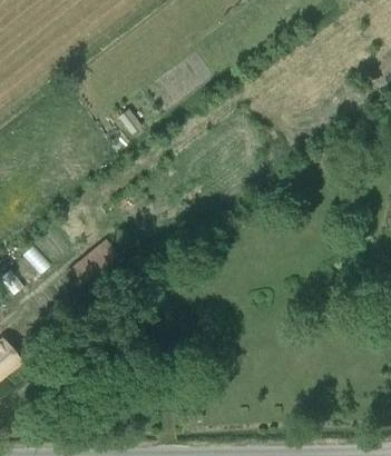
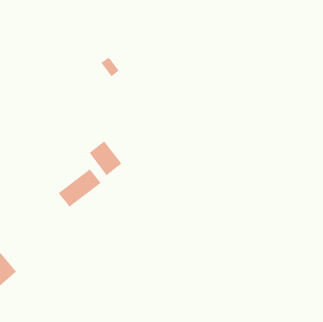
building: none -> [89,140,122,176]

